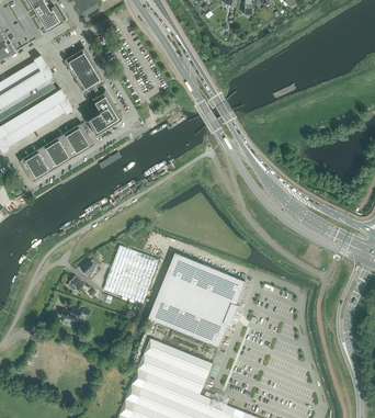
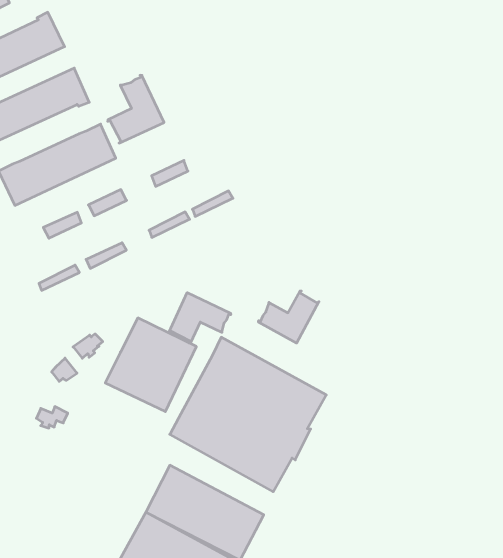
building: [64,47,104,94] -> none
building: none -> [259,291,319,343]
building: none -> [169,293,231,343]

